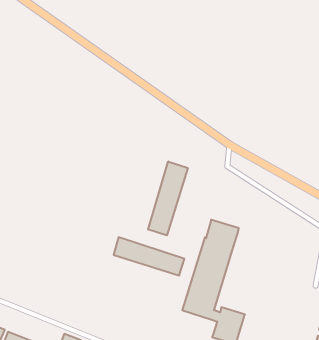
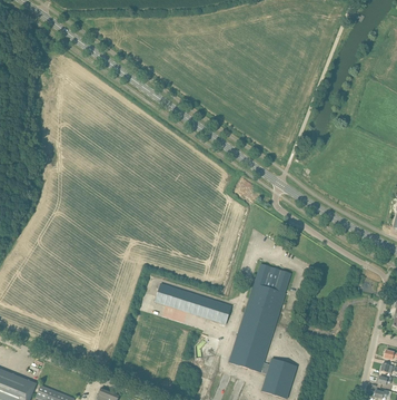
building: [148,161,188,235] -> none

